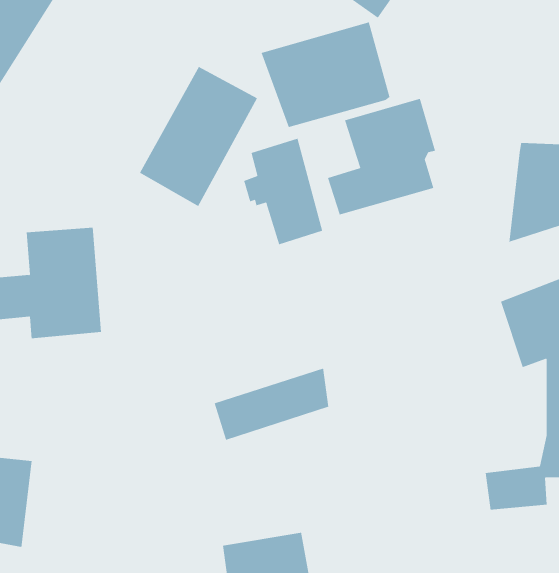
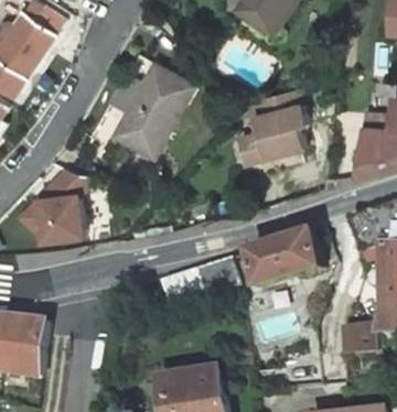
building: [261,21,390,128] -> none
building: [244,138,323,245] -> none
building: none -> [250,230,323,289]

